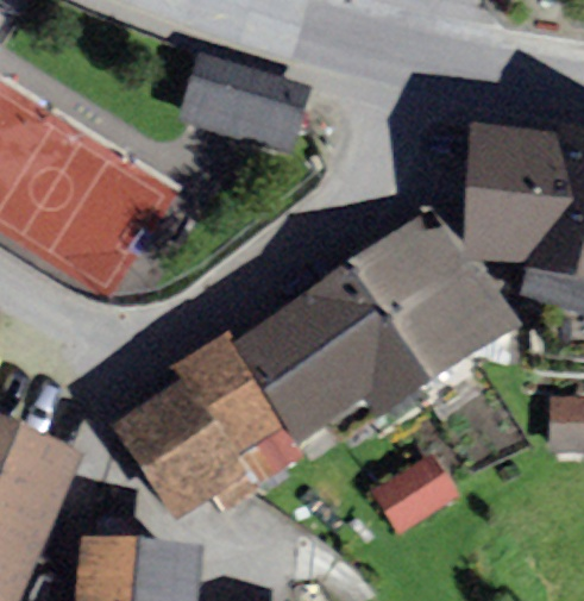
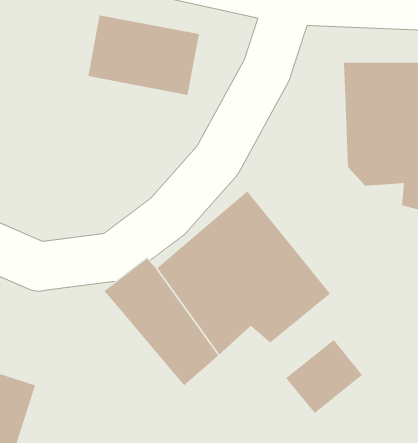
building: [344,204,517,393] -> none
building: [106,380,252,524] -> none

